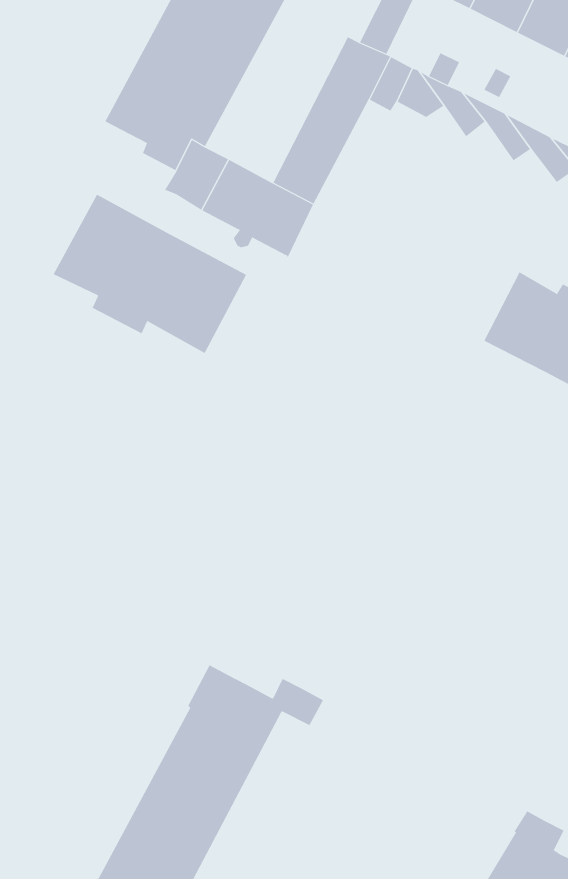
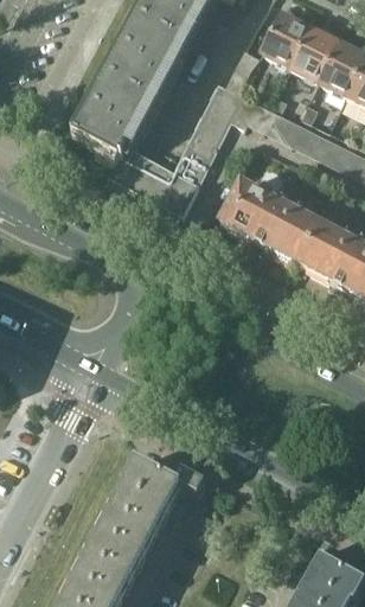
building: [53,194,247,354] -> none
building: none -> [218,180,320,263]

